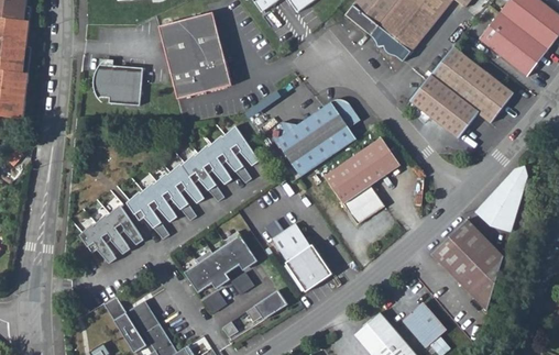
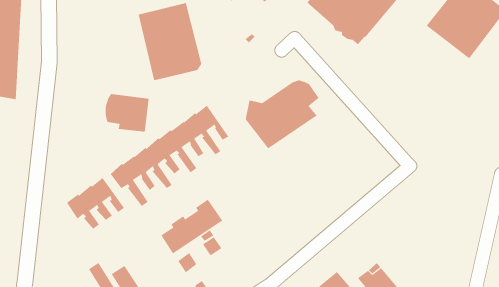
building: [409,46,513,137] -> none
building: [95,62,144,104] -> [105,94,149,132]
building: [325,136,401,223] -> none
building: [474,165,528,232] -> none
building: [429,219,503,310] -> none
building: [272,225,330,292] -> none
building: [244,290,286,322] -> none

